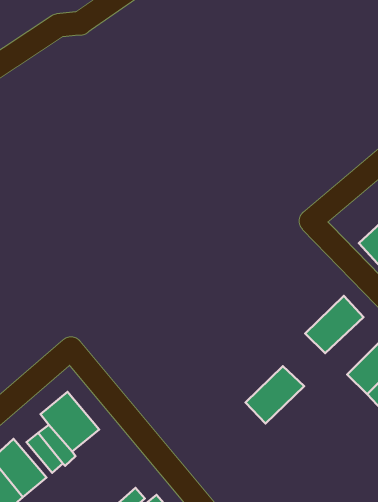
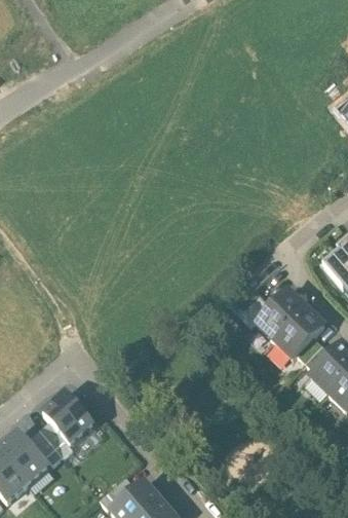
building: [246,366,304,424] -> [257,291,308,341]

